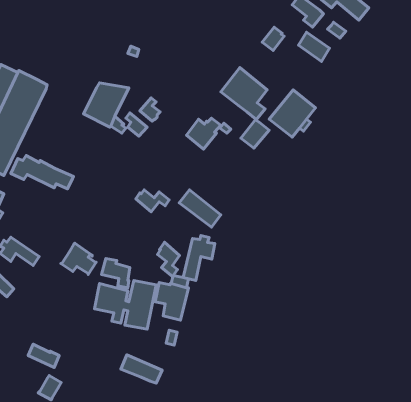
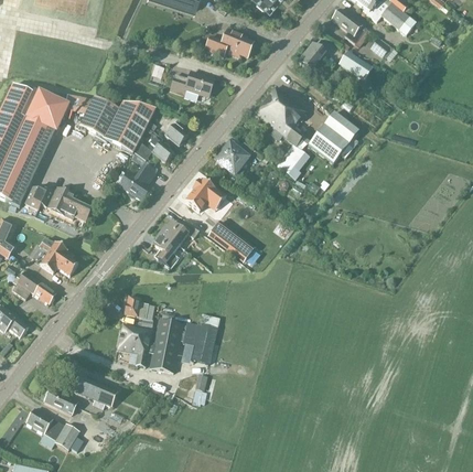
building: none -> [205,29,255,57]
building: none -> [169,71,213,93]
building: none -> [53,93,118,138]
building: none -> [119,165,154,201]
building: none -> [185,180,225,212]
building: [183,235,215,280] -> none
building: [157,242,180,277] -> [153,230,178,268]
building: [61,243,96,274] -> [40,242,78,276]
building: [121,355,162,383] -> [73,375,118,406]
building: none -> [25,408,64,440]

